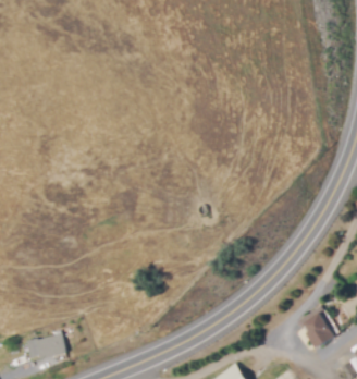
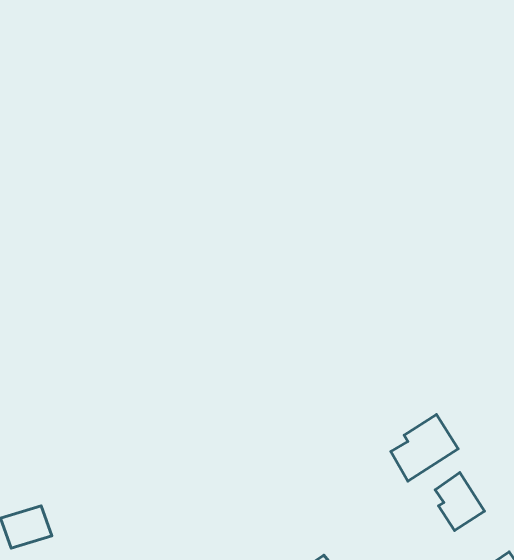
building: none -> [391,415,458,481]

